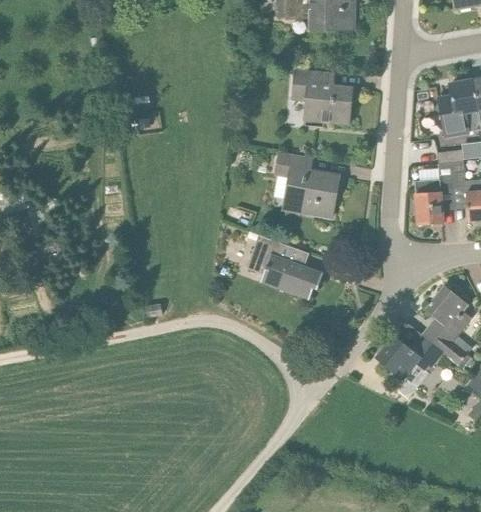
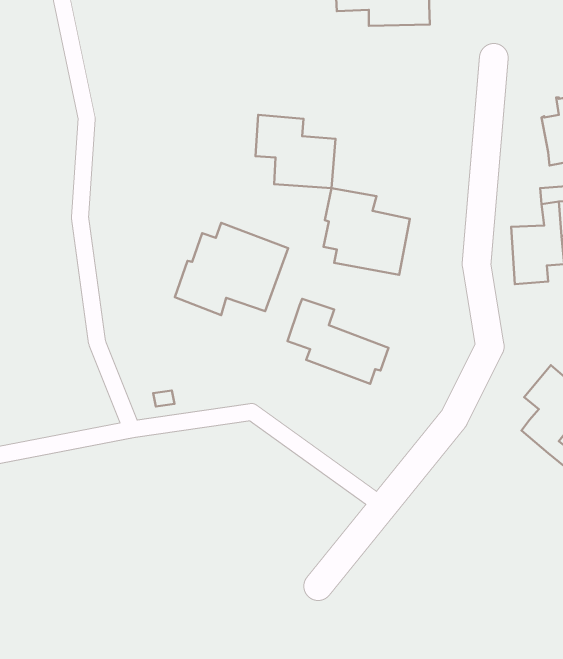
building: [293,69,353,124] -> [256,115,335,188]
building: none -> [175,223,288,315]
building: [377,334,444,378] -> none

